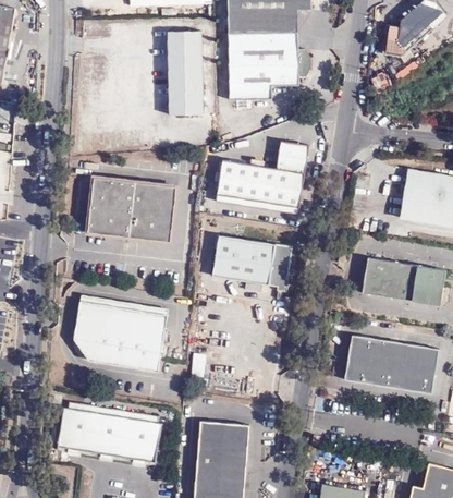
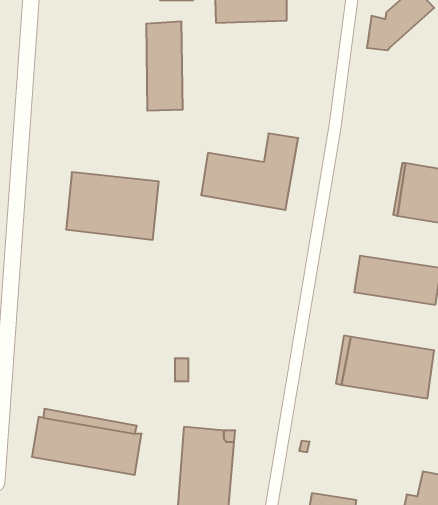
building: [230,32,310,98] -> none
building: [208,239,287,289] -> none
building: [71,296,167,375] -> none

